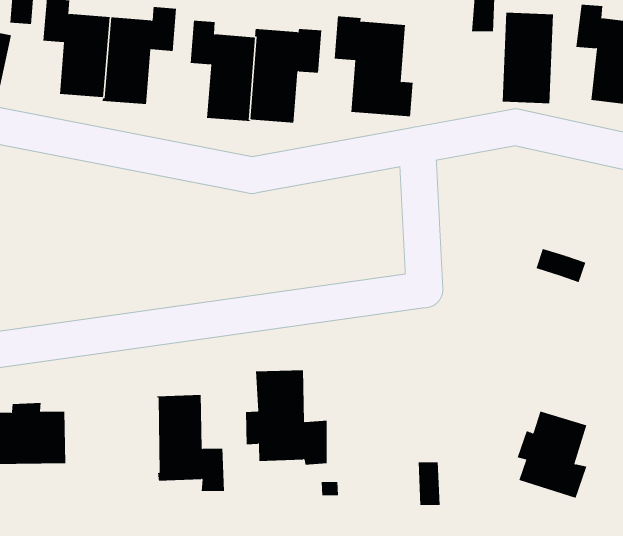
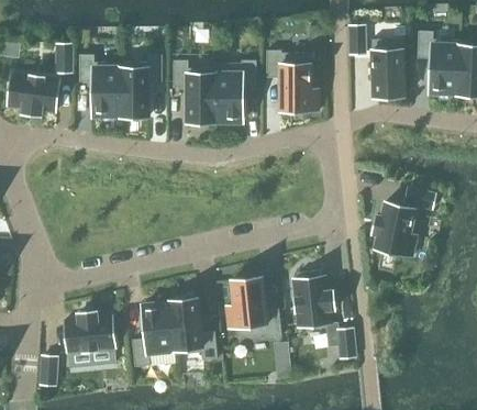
building: none -> [293,277,334,328]
building: none -> [132,303,175,368]
building: [517,411,587,499] -> [373,203,418,257]

